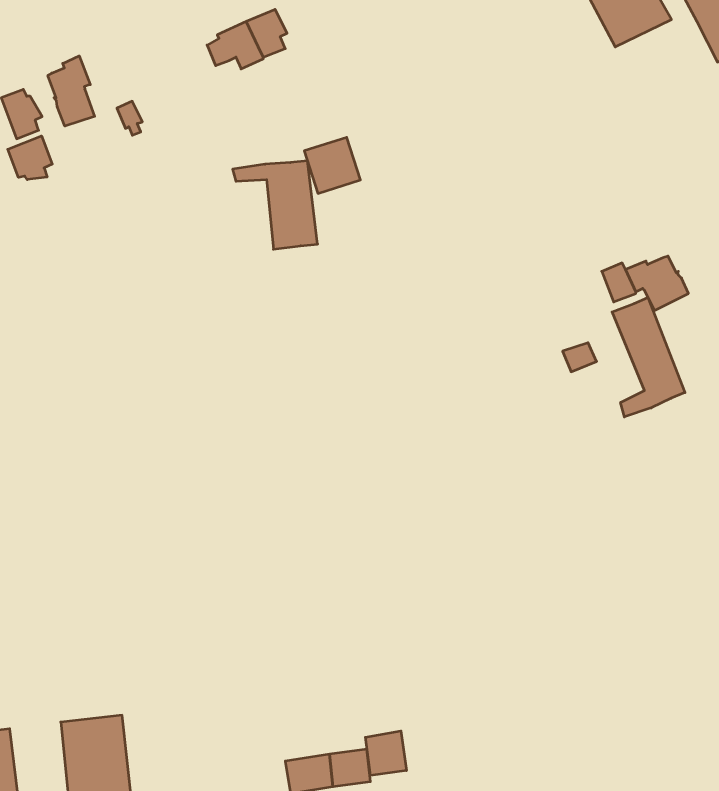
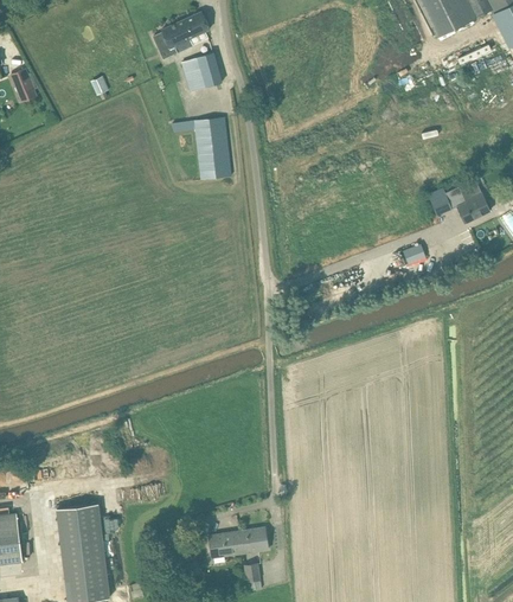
building: [48,56,95,126] -> none
building: [8,136,52,180] -> none
building: [304,137,360,193] -> [182,52,222,91]
building: [612,298,685,417] -> none
building: [365,731,406,775] -> none

